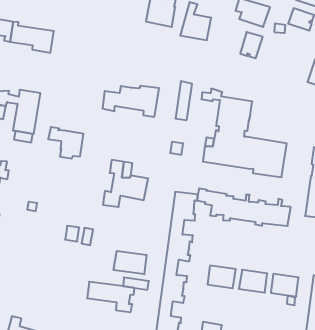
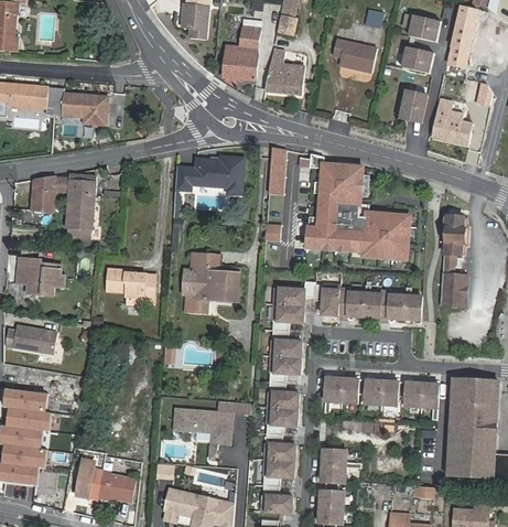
building: [240,32,263,58] -> [399,89,425,121]
building: [48,127,84,158] -> [110,270,154,308]
building: [114,251,146,274] -> none

